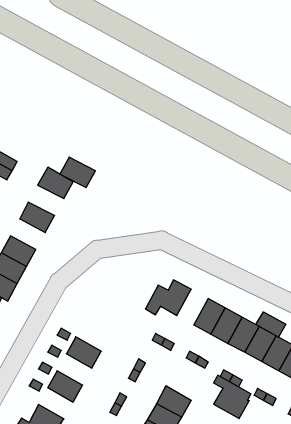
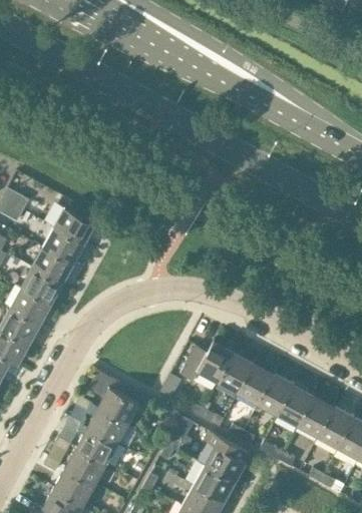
building: [60,157,95,188] -> [41,229,83,266]
building: none -> [20,270,61,306]
building: none -> [217,353,254,395]
building: none -> [87,372,139,426]
building: [256,312,286,337] -> none
building: none -> [75,429,116,466]
building: [214,375,251,419] -> [204,433,248,484]
building: none -> [53,469,94,506]

